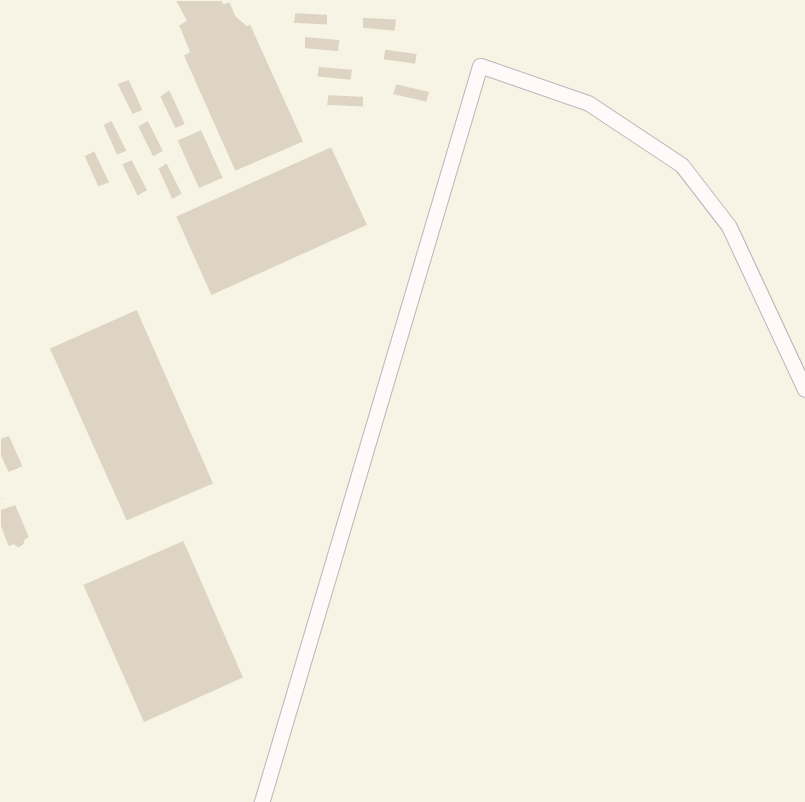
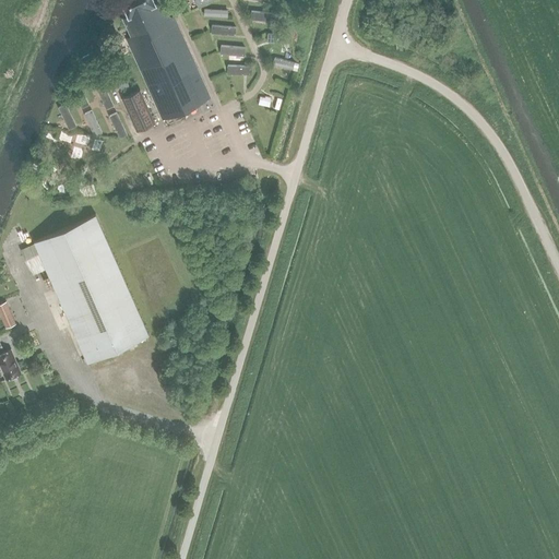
building: [175,146,368,296] -> none
building: [82,540,244,723] -> none

